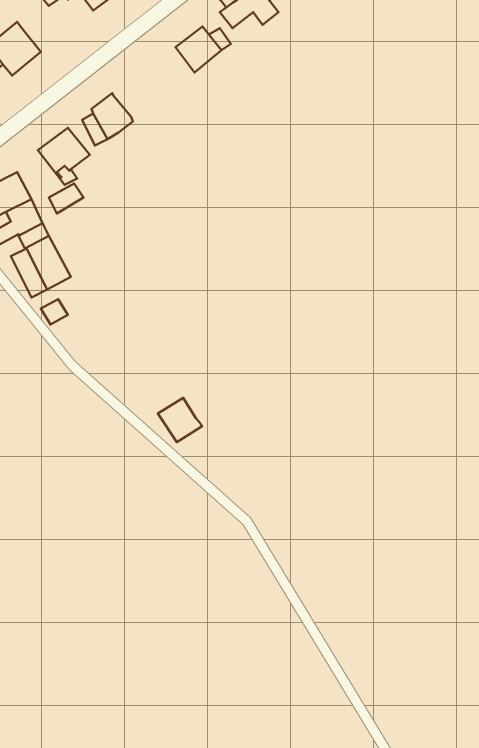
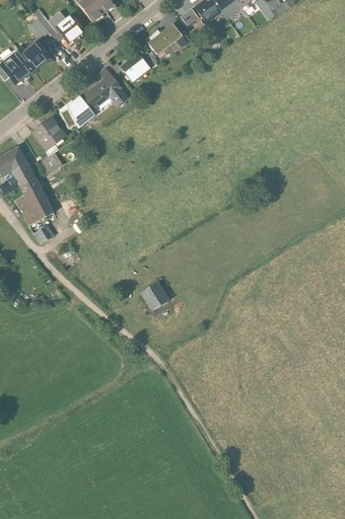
building: none -> [22,41,50,68]
building: none -> [81,67,128,109]
building: [158,398,202,442] -> [141,281,169,309]

